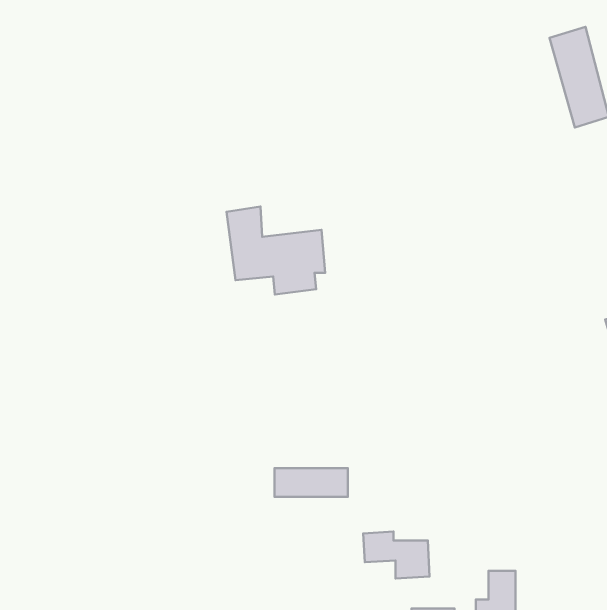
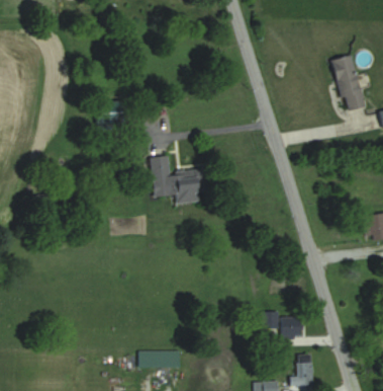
building: [274,468,348,497] -> [138,351,180,368]
building: [363,532,430,578] -> [263,312,300,338]

